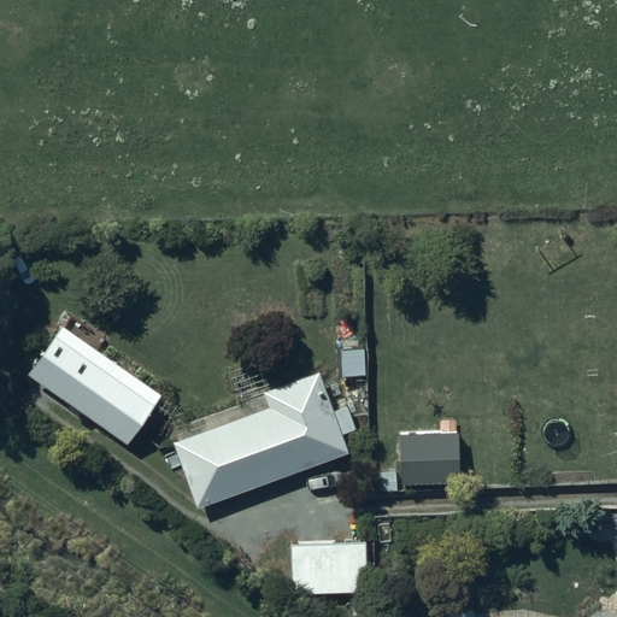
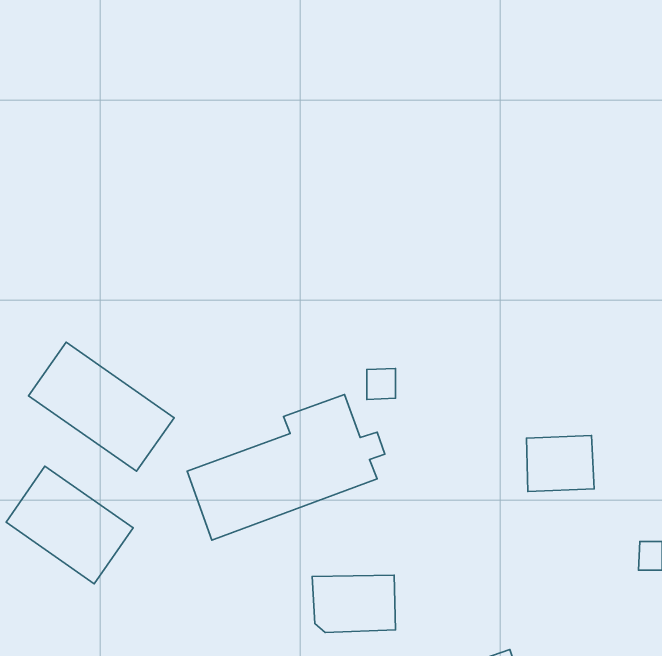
building: [398,434,460,486] -> [527,436,594,492]
building: none -> [6,466,133,584]

